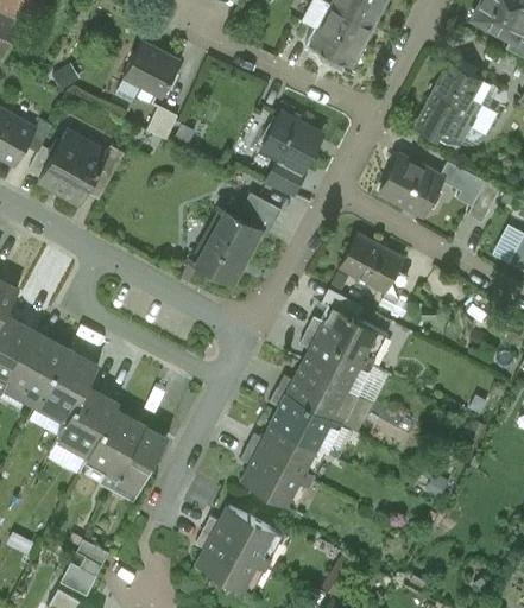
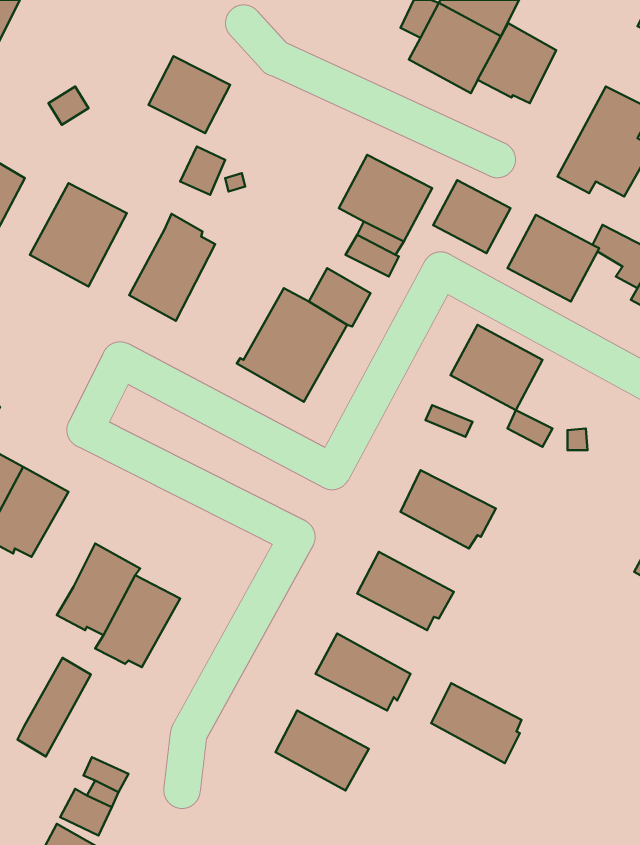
building: none -> [478,23,556,103]
building: none -> [433,180,510,253]
building: none -> [129,214,215,321]
building: [316,308,384,363] -> none
building: [39,352,96,419] -> none
building: [286,366,351,423] -> none
building: [257,424,321,481] -> [431,683,521,763]
building: [113,428,165,498] -> [17,658,91,756]
building: [197,537,263,593] -> none

